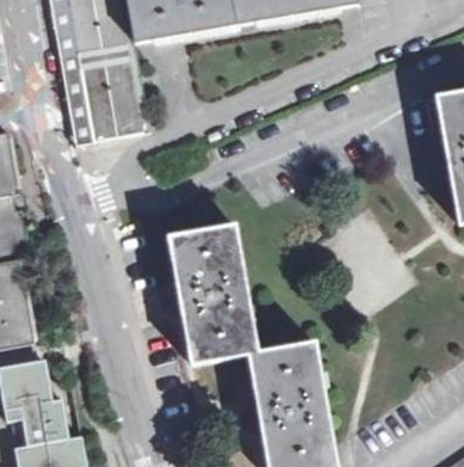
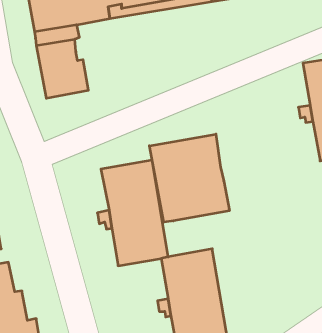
building: none -> [149,134,229,222]

